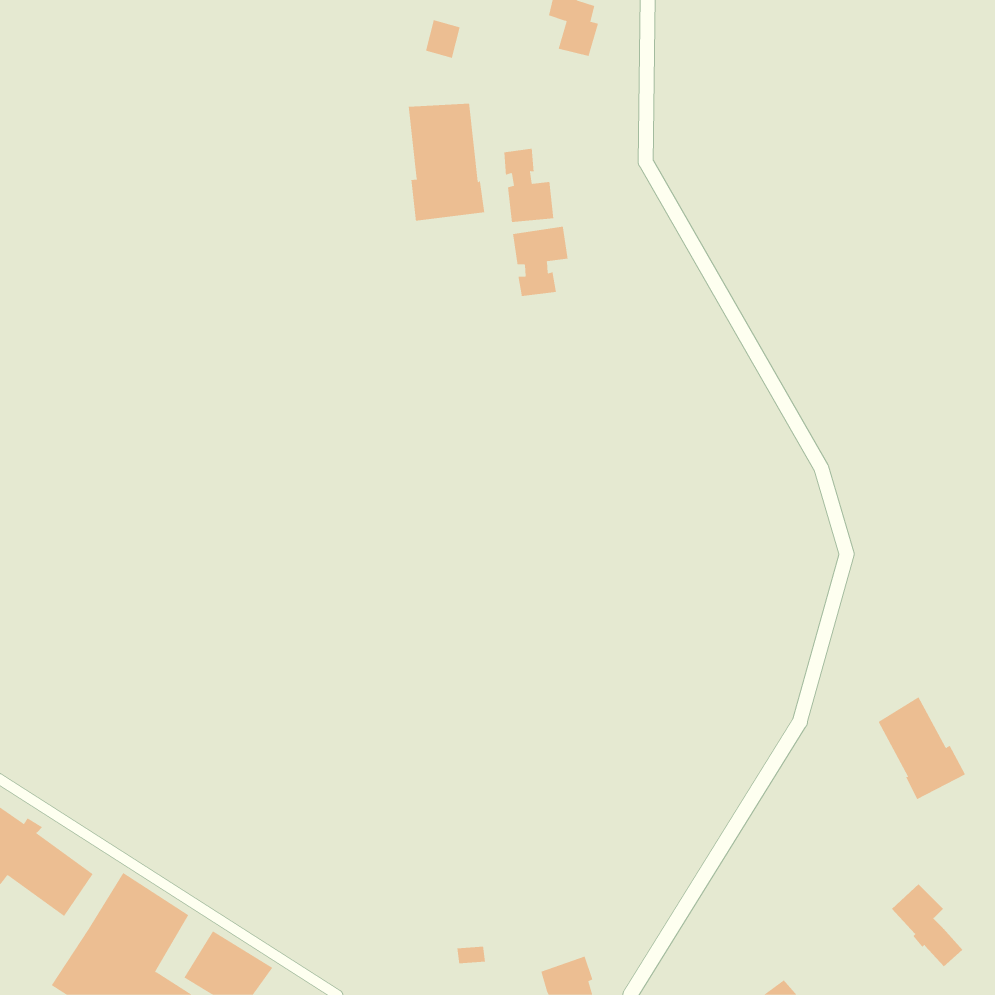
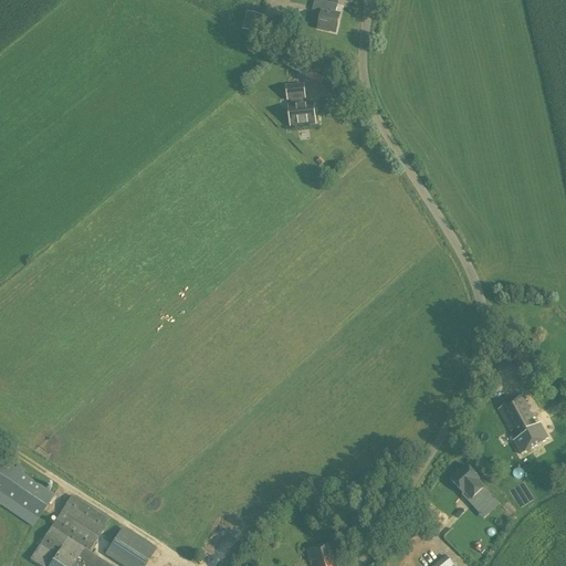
building: [408,103,485,222] -> none
building: [513,226,568,297] -> none
building: [891,883,963,967] -> [449,464,490,512]

